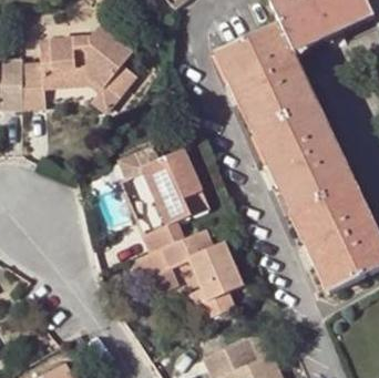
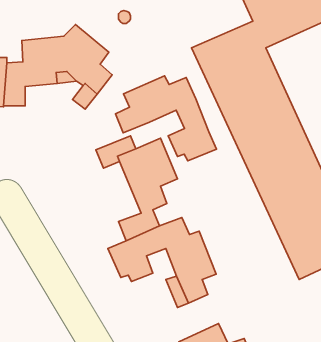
building: none -> [116,76,217,161]

